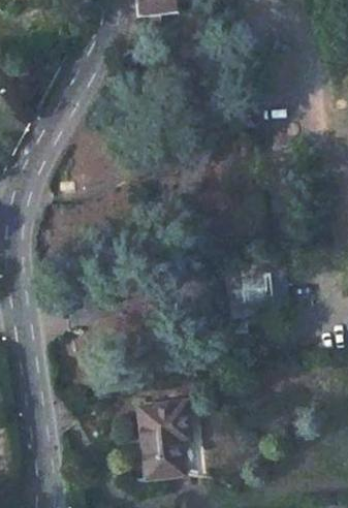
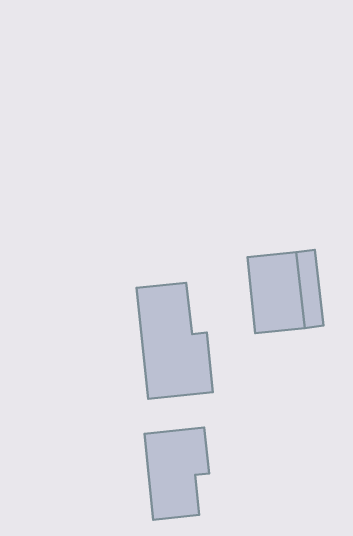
building: none -> [136,283,213,399]

